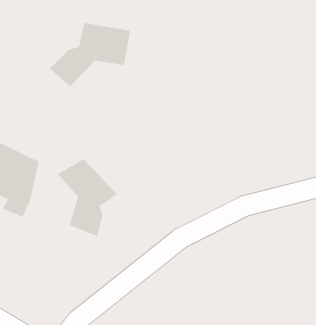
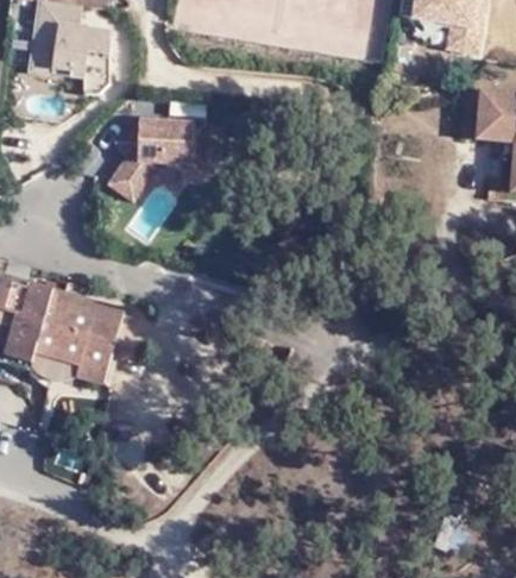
building: [57,158,118,237] -> none

